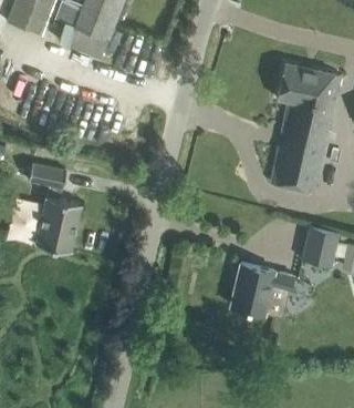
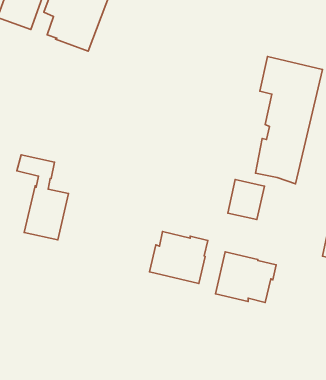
building: [301,225,339,266] -> [228,180,265,220]
building: none -> [150,232,208,284]

